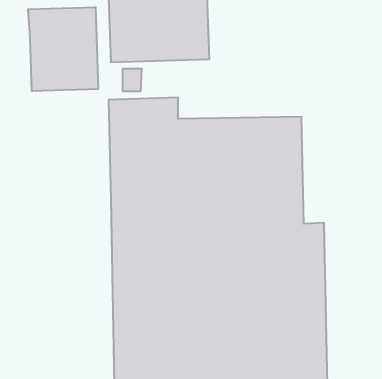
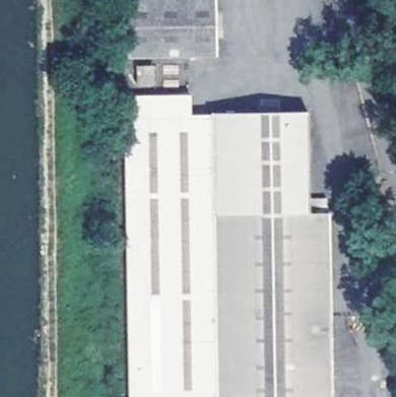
building: [28,7,98,91] -> none

